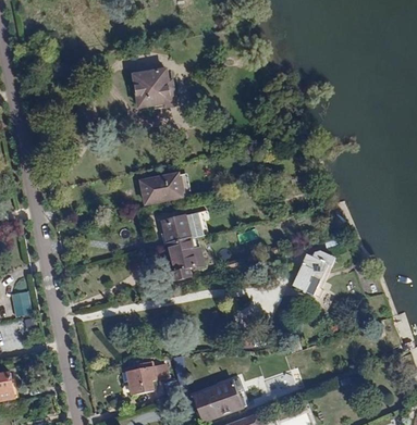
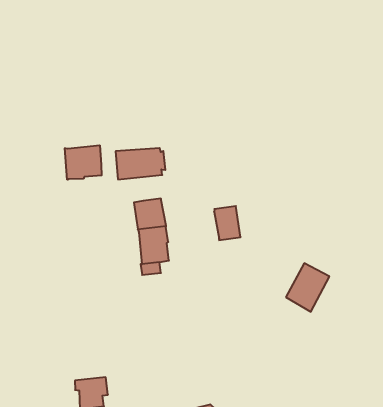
building: [128,70,162,107] -> none
building: none -> [65,145,102,180]
building: [182,209,206,238] -> [214,206,241,240]

